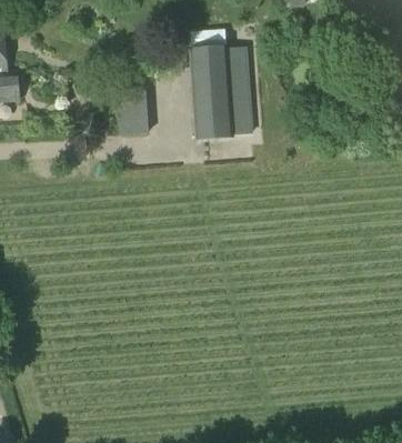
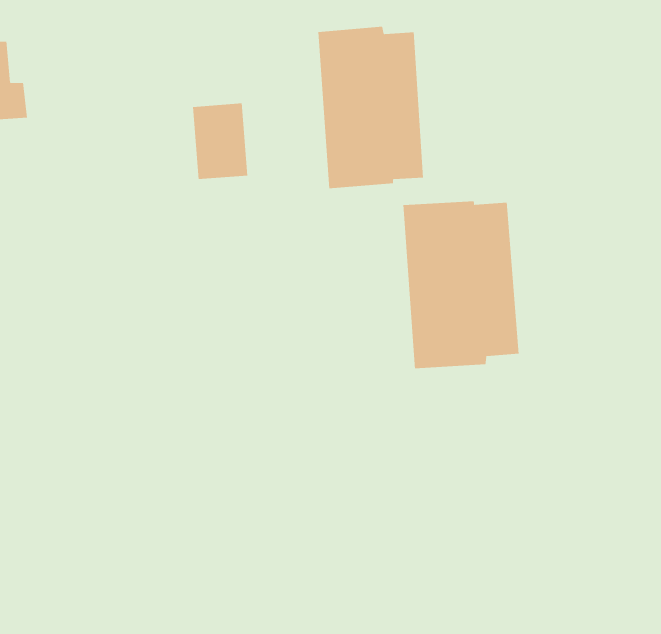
building: none -> [403,200,519,369]

